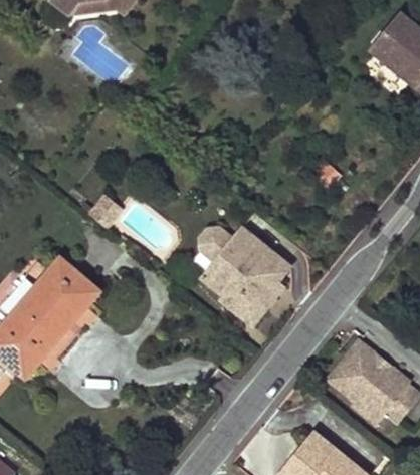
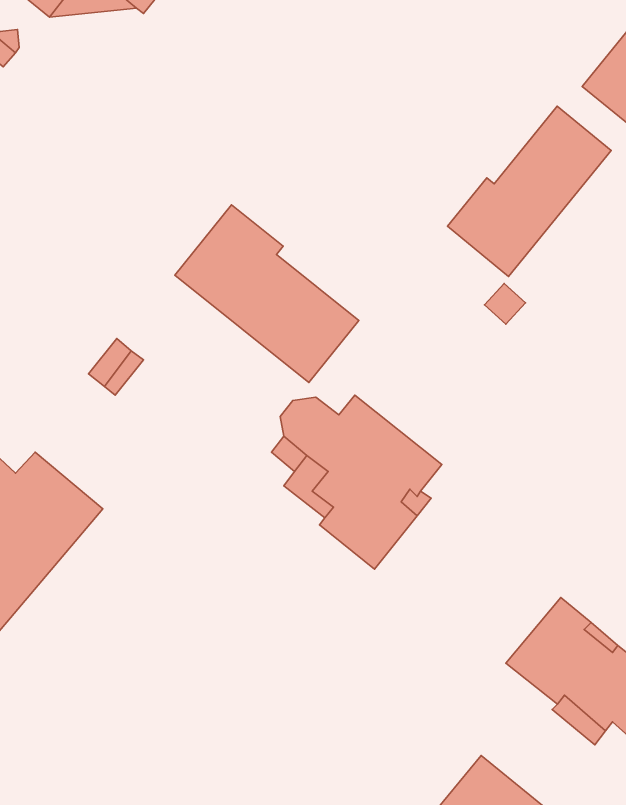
building: none -> [447,106,611,276]
building: none -> [175,205,359,382]

